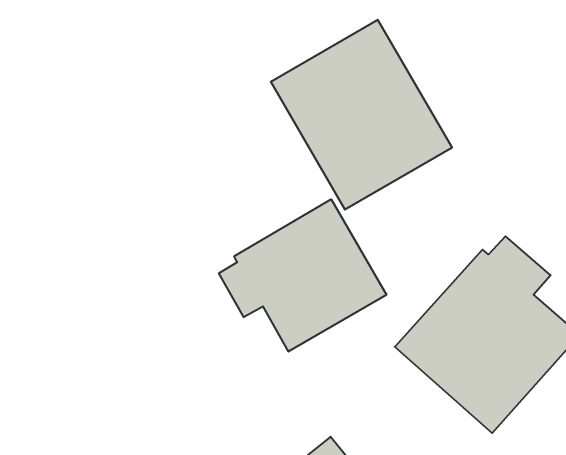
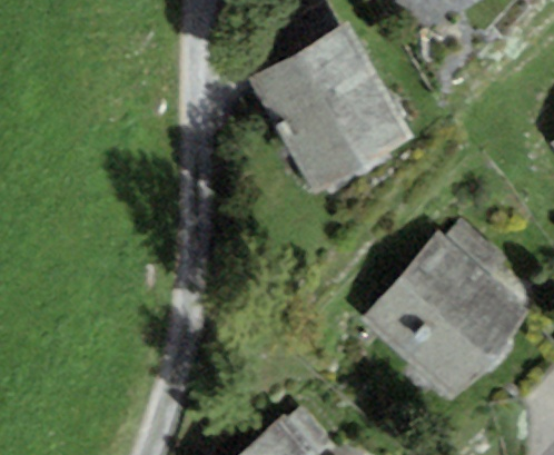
building: [219,199,386,352] -> none

